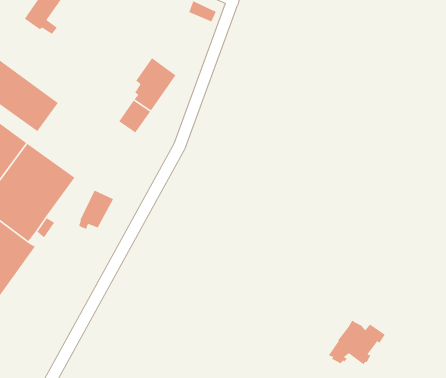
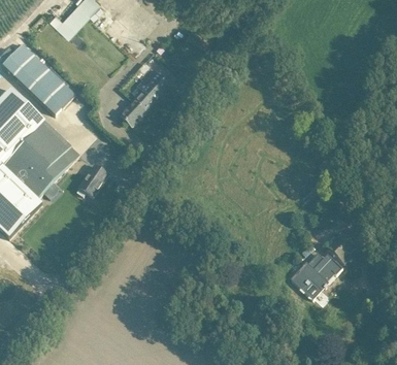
building: [328,319,386,365] -> [295,252,342,289]

